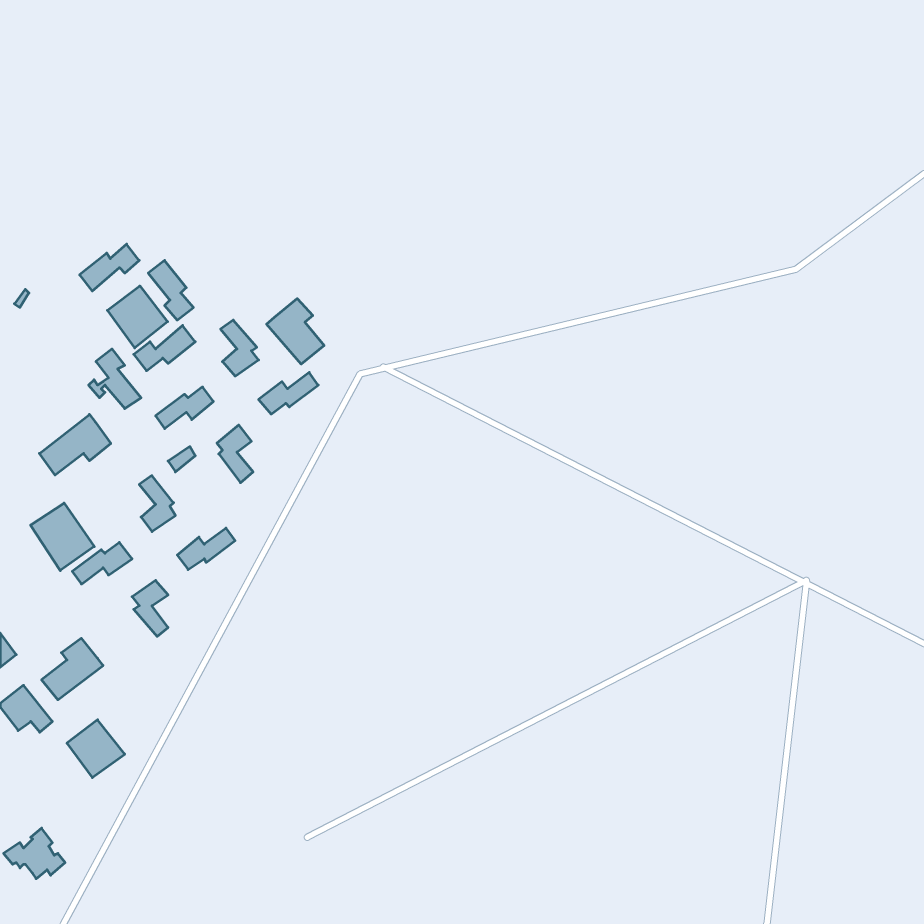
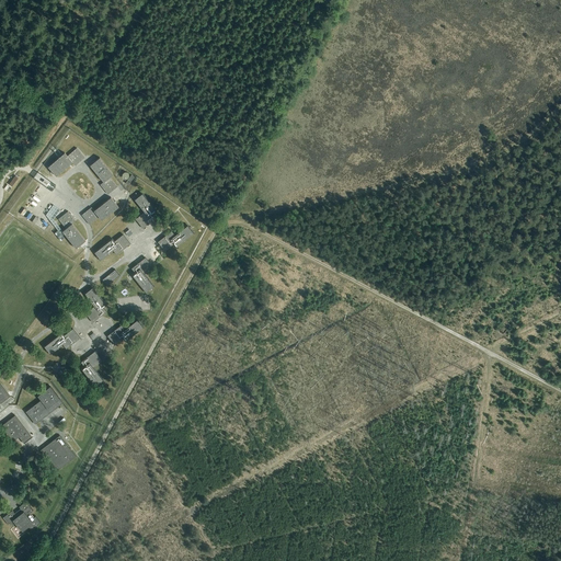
building: [107,286,168,348] -> none
building: [267,299,324,364] -> none
building: [39,414,111,475] -> none
building: [31,503,94,571] -> none

